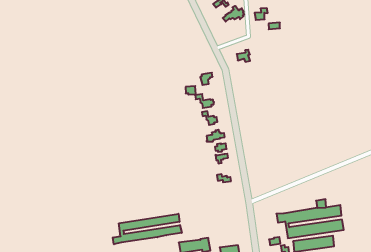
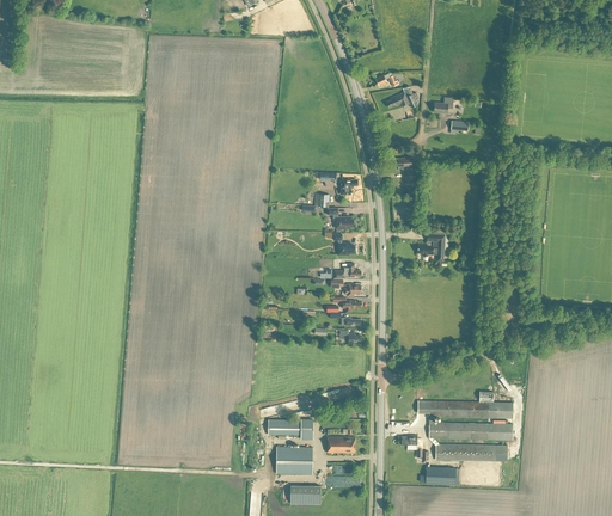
building: none -> [416,228,447,262]
building: [113,214,182,244] -> none

